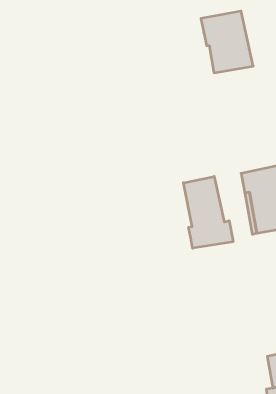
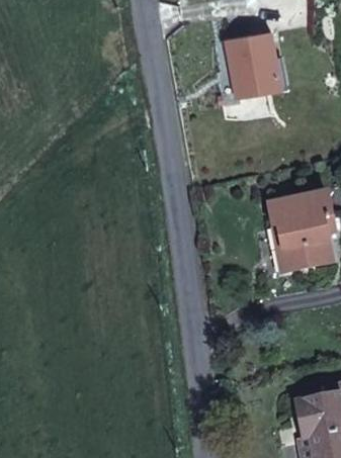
building: [183,176,233,248] -> none

